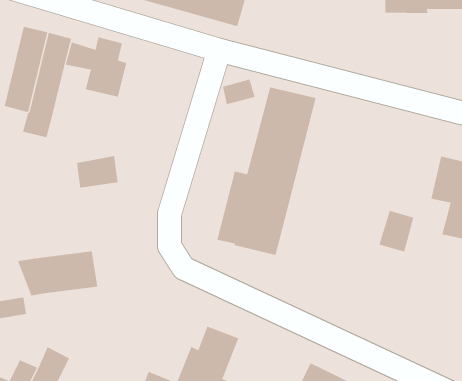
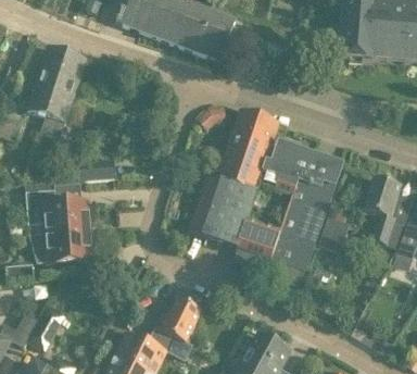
building: [65,36,127,98] -> none
building: none -> [237,140,342,285]
building: none -> [26,188,90,233]

